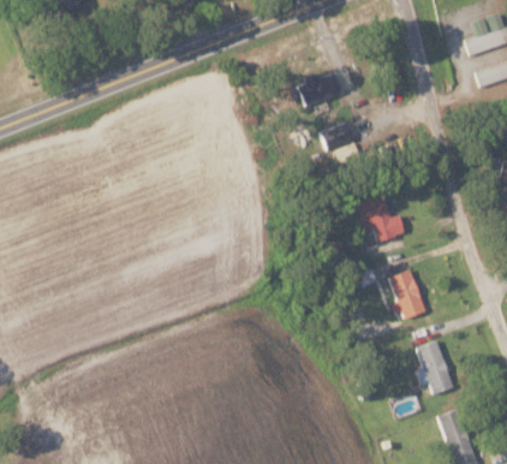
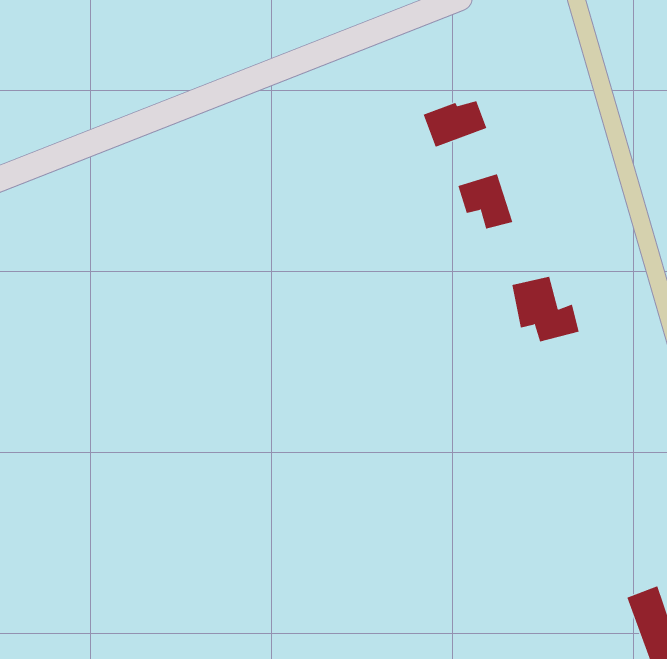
building: [389,268,427,319] -> none
building: [416,340,454,394] -> none

